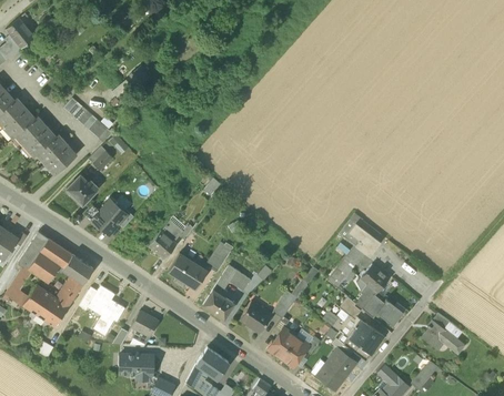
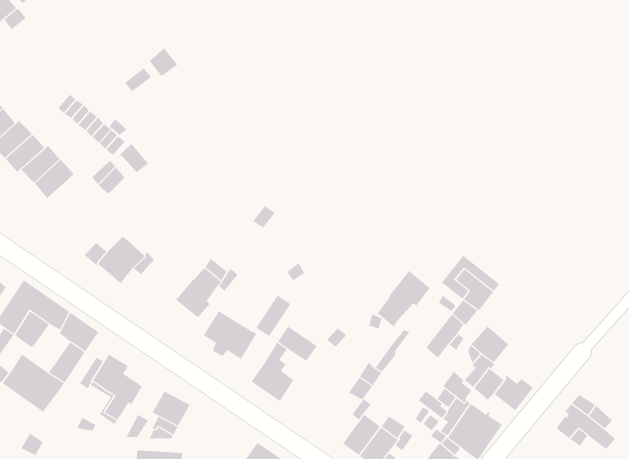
building: [67,175,100,205] -> none
building: none -> [377,270,430,327]
building: [240,302,272,333] -> none

